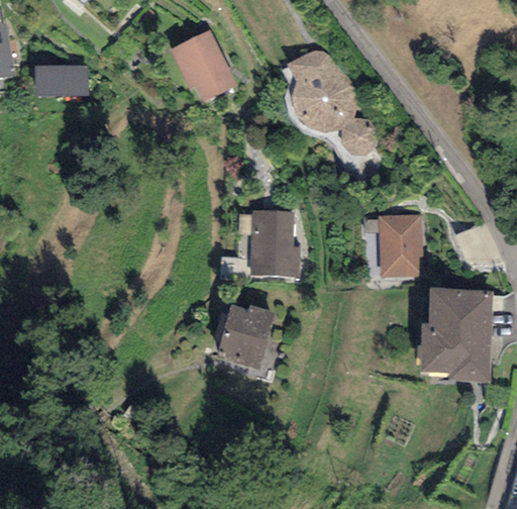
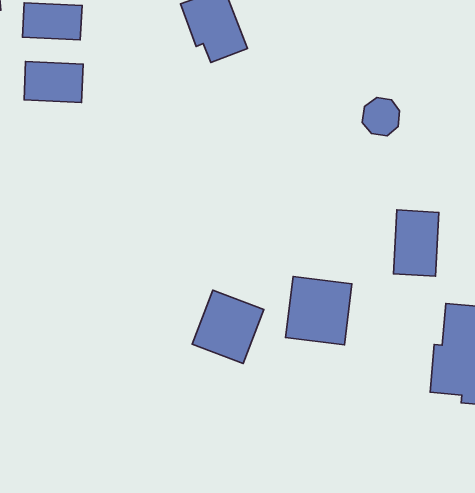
building: [290,53,356,130] -> none
building: none -> [24,61,83,103]
building: [244,216,299,273] -> [286,276,352,345]

